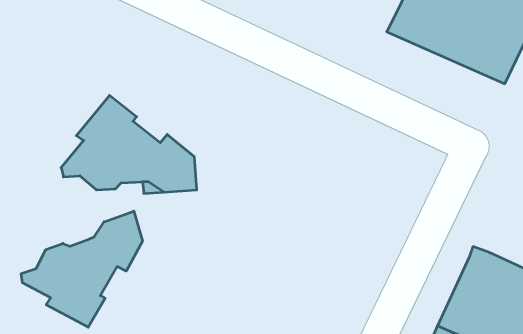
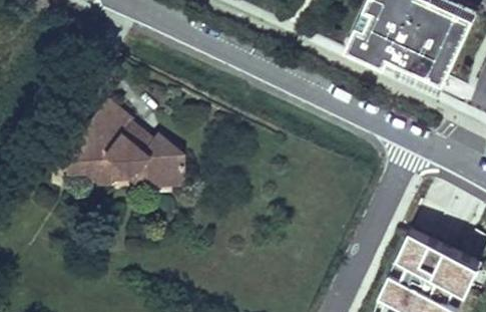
building: [21,211,142,327] -> none

